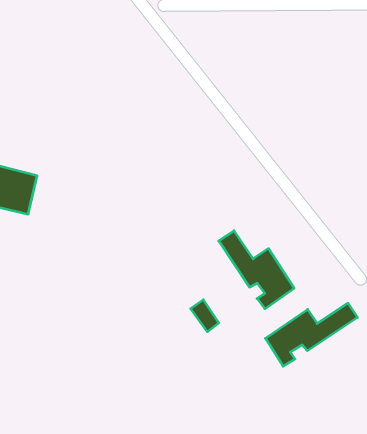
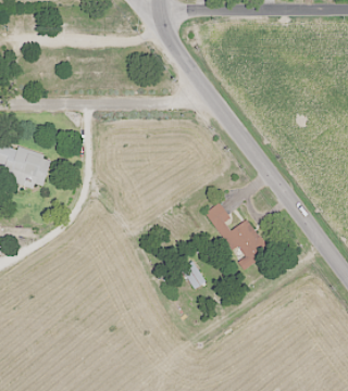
building: [265,303,357,366] -> none

